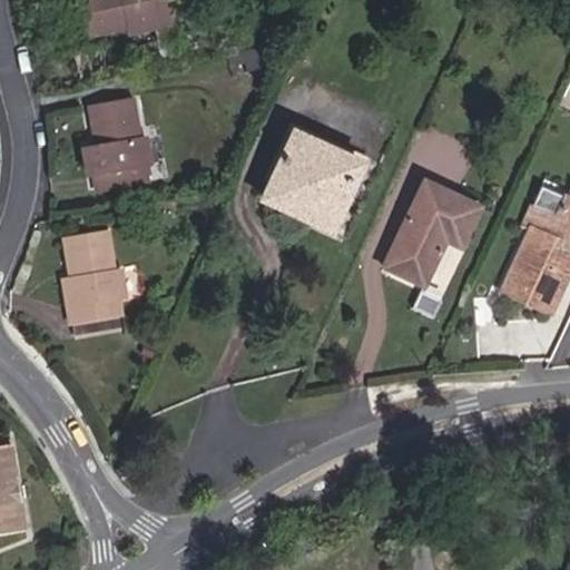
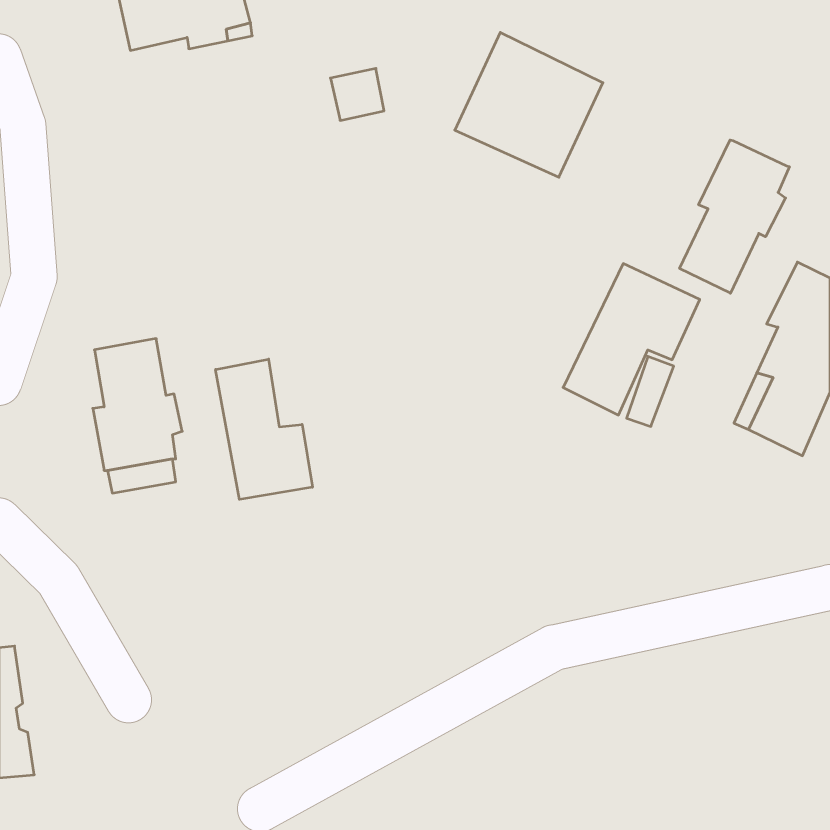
building: none -> [680,140,789,293]
building: [85,99,150,189] -> none
building: [262,131,363,230] -> [455,32,603,177]
building: none -> [216,359,312,499]

